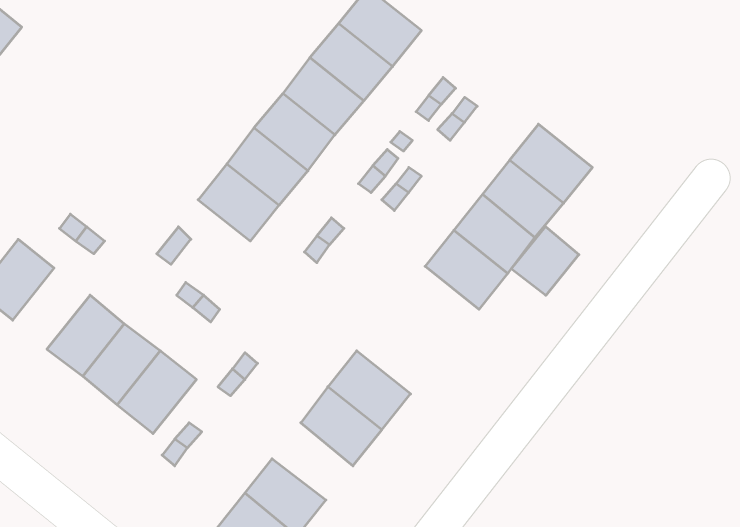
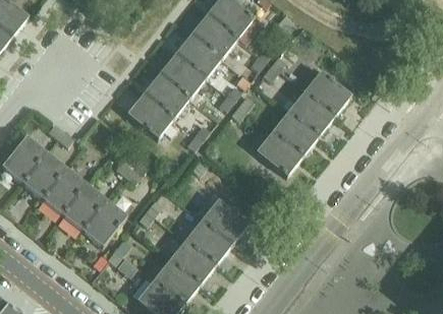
building: [511,226,579,295] -> none
building: none -> [22,152,66,198]
building: none -> [169,240,215,284]

